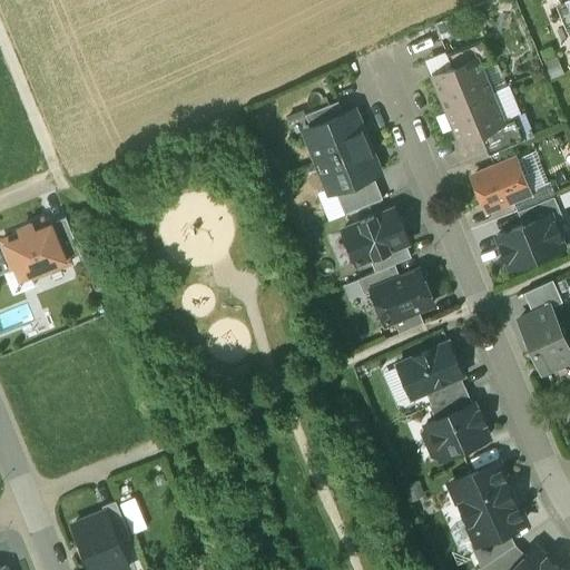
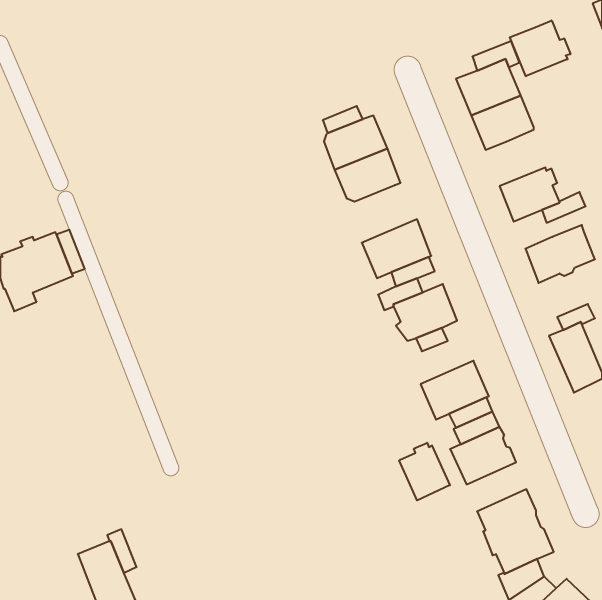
building: none -> [510,20,570,76]
building: [479,118,524,157] -> none
building: [335,177,382,216] -> none
building: [517,197,562,226] -> none
building: none -> [399,443,450,500]

